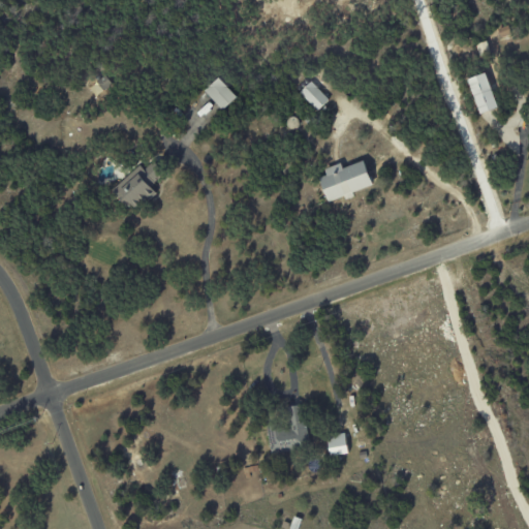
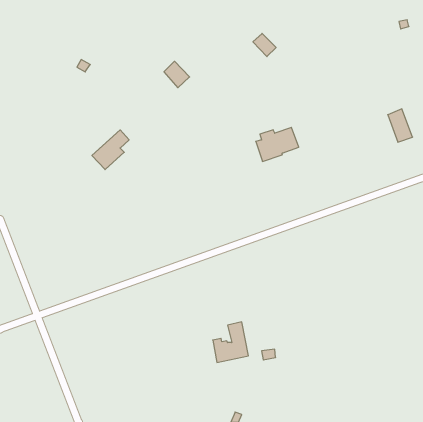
building: [467,71,498,113] -> [388,109,413,142]
building: [300,81,329,110] -> [253,33,276,57]

